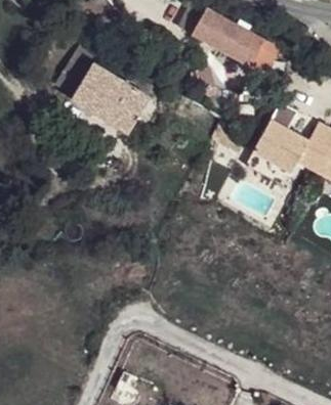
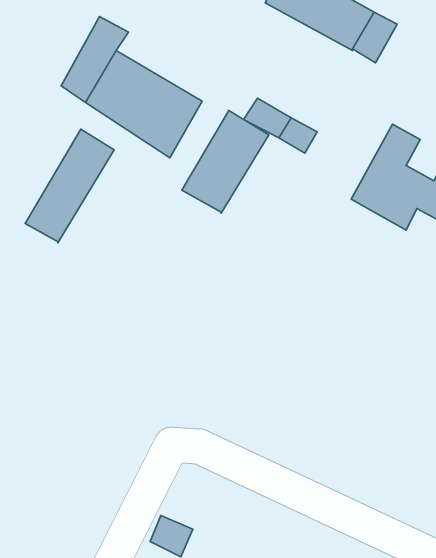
building: none -> [182,110,269,213]
building: none -> [25,129,114,243]

